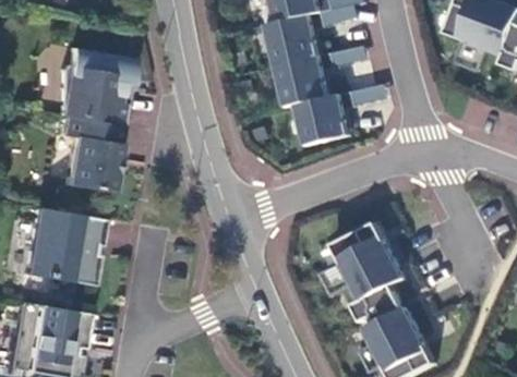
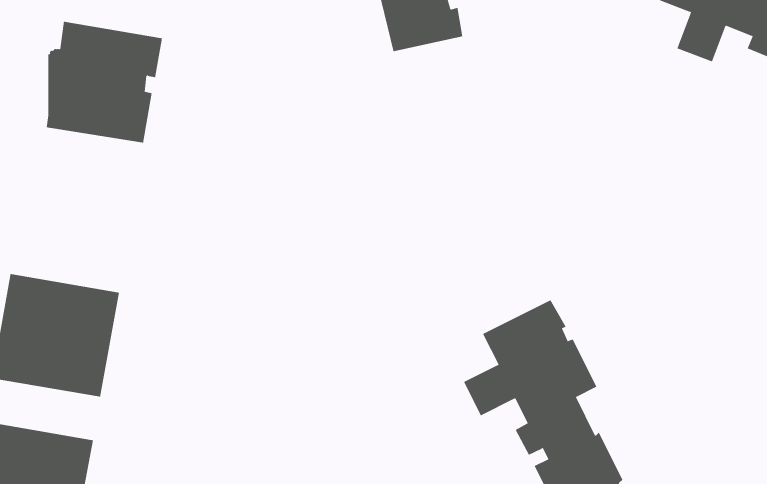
building: [276,53,356,145] -> none
building: [59,114,118,191] -> none

